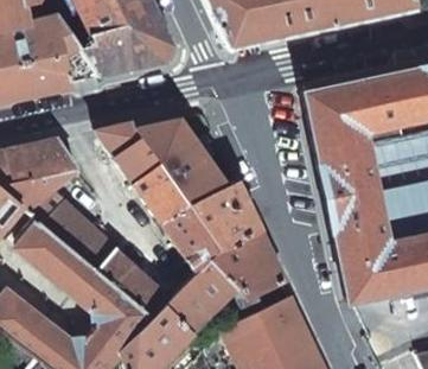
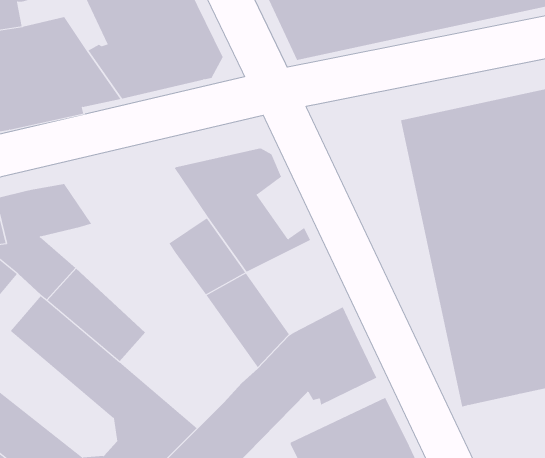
building: [96,121,161,183] -> none
building: [190,180,261,249] -> none
building: [97,248,173,318] -> none

